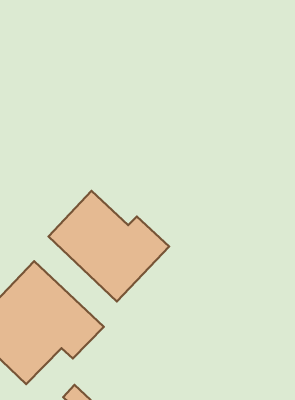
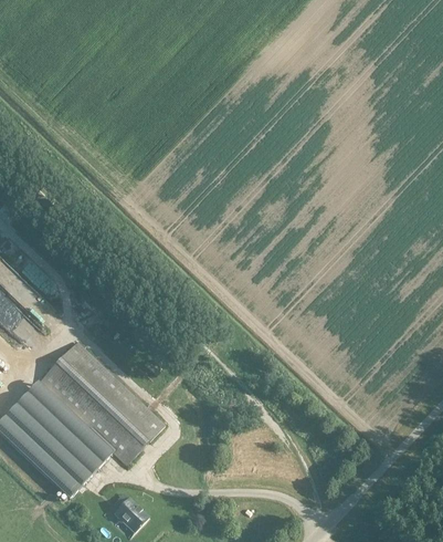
building: [48,191,169,301] -> none

